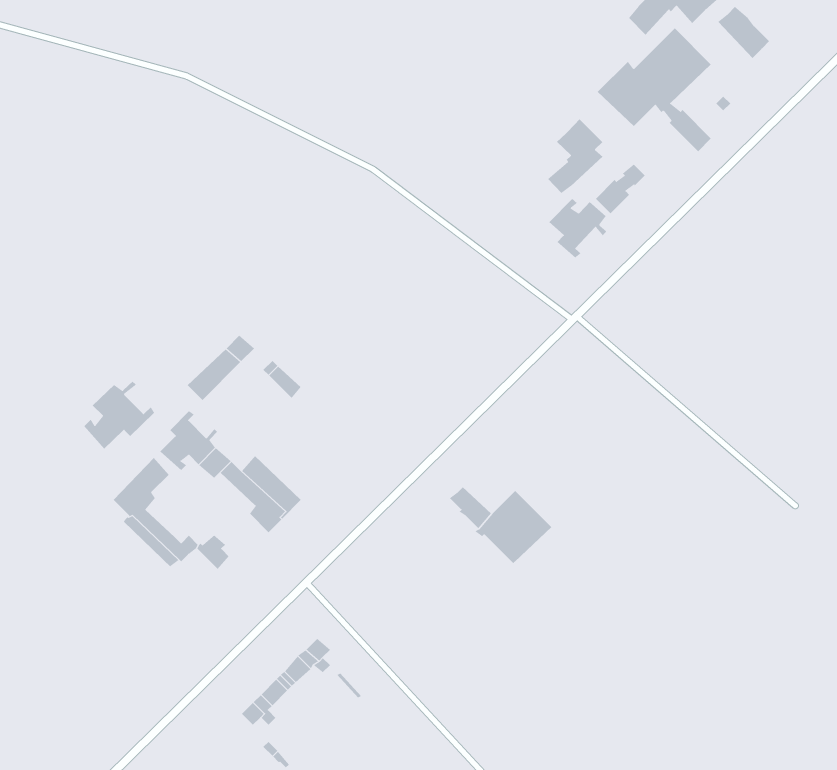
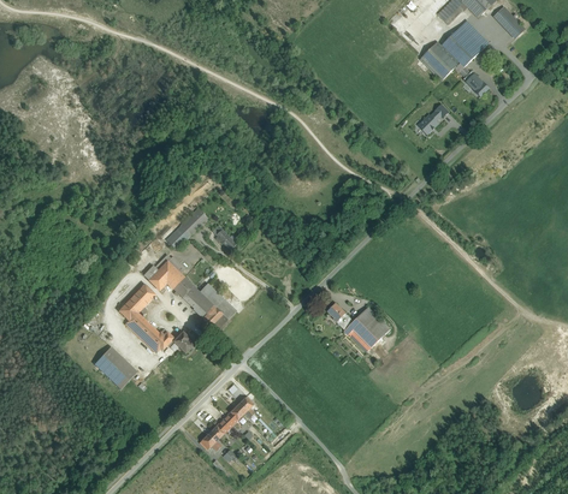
building: [547,119,603,194] -> none
building: [548,198,607,259] -> none
building: [83,381,155,449] -> none
building: none -> [94,347,136,389]

